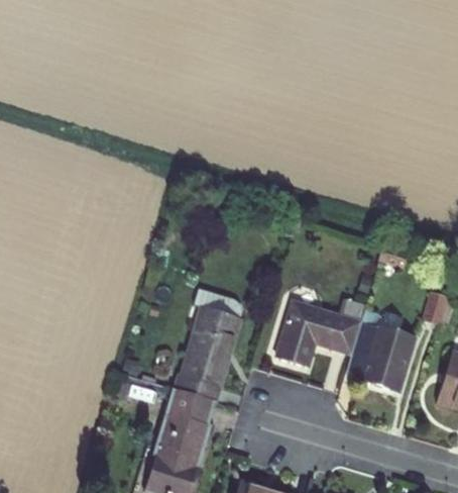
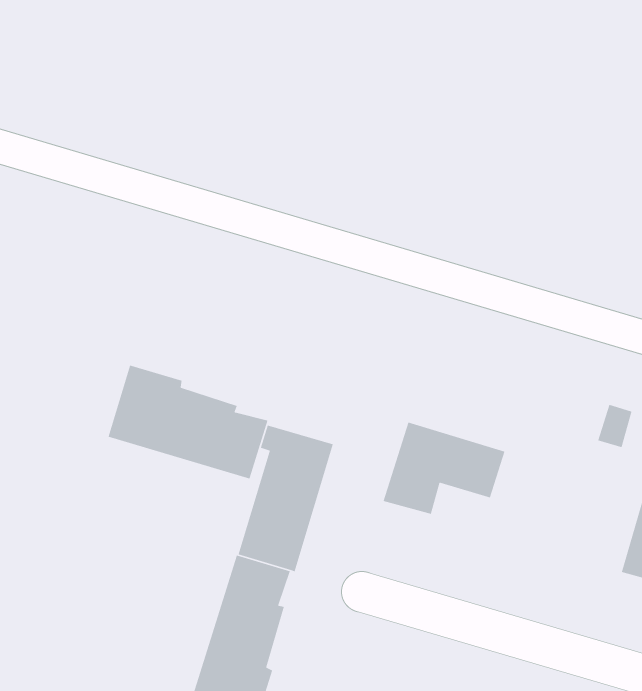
building: none -> [108,364,268,480]
building: [344,319,414,389] -> none

